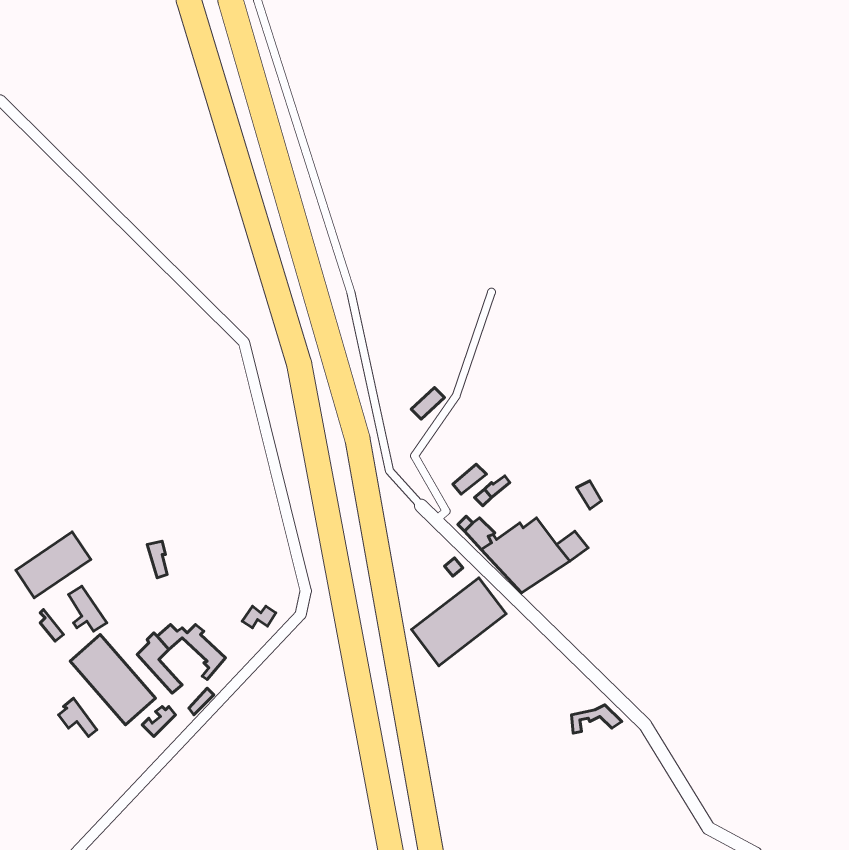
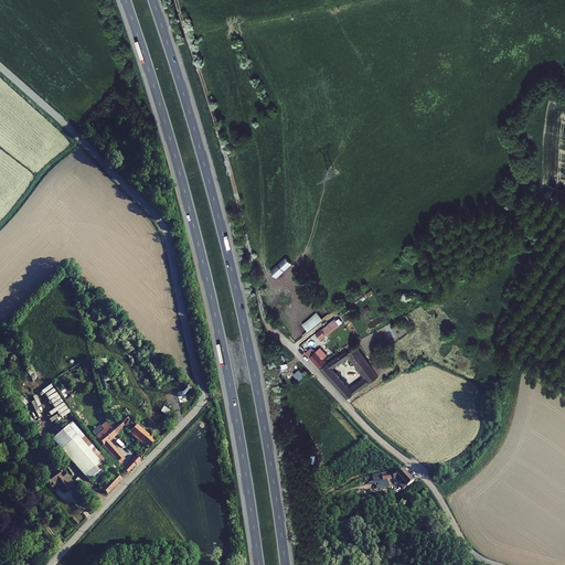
building: [16,532,91,598] -> none
building: [412,578,506,666] -> none

